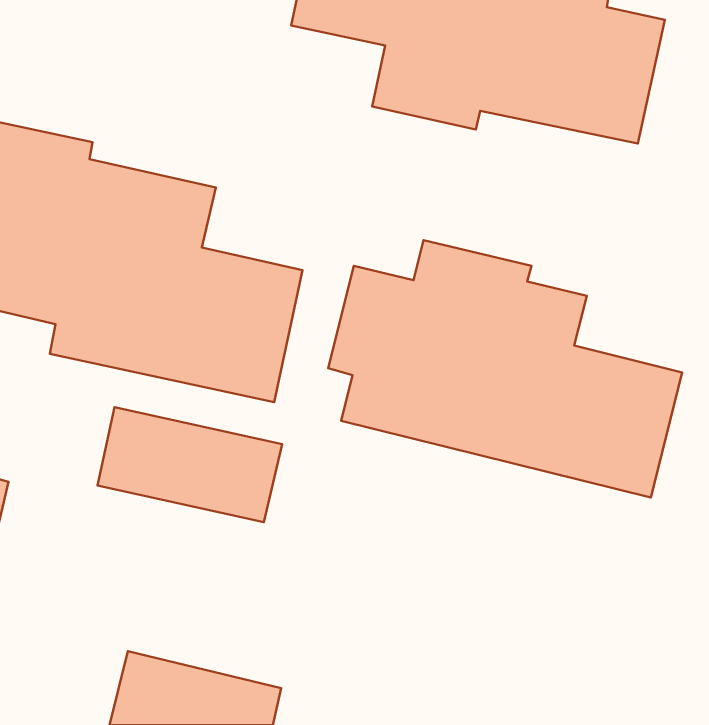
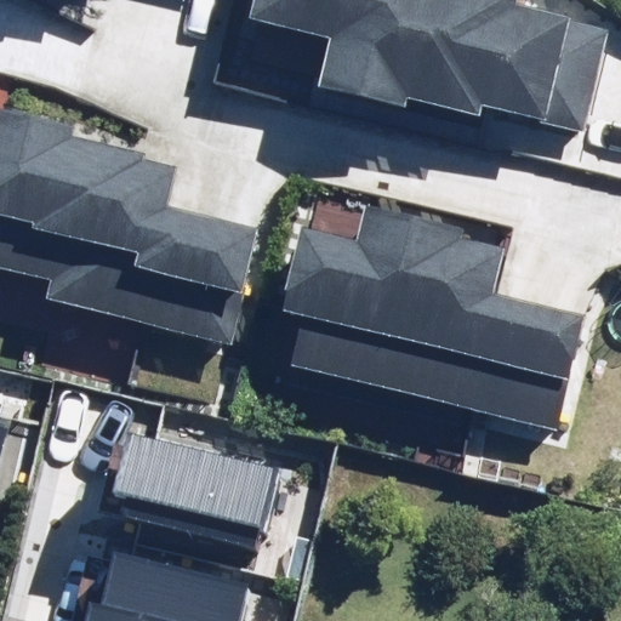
building: [98,407,282,522] -> [119,435,277,534]

